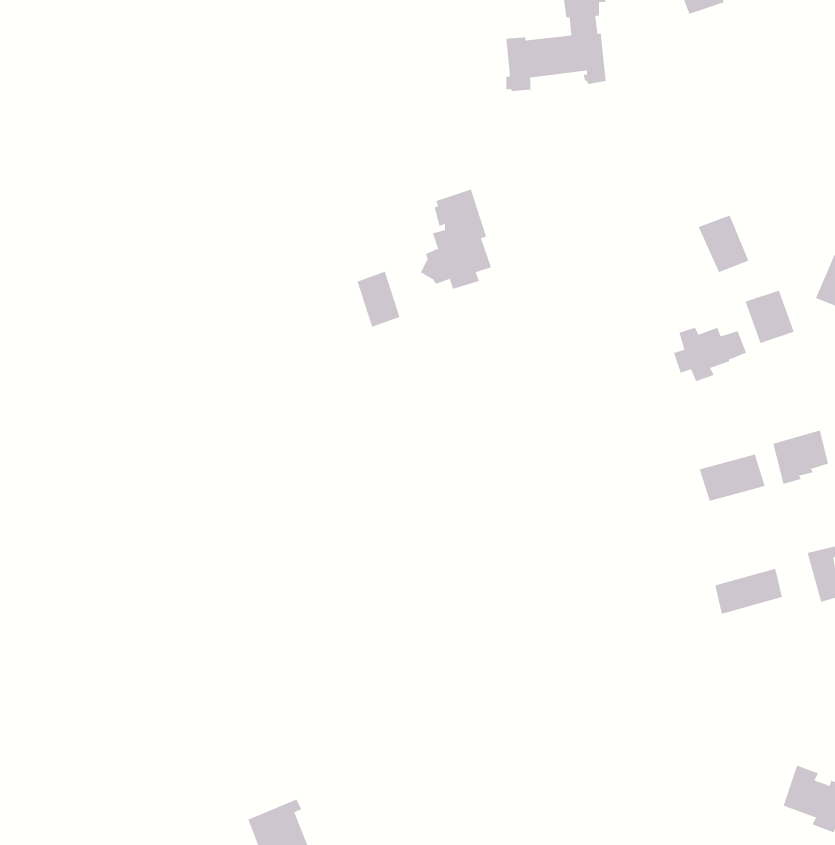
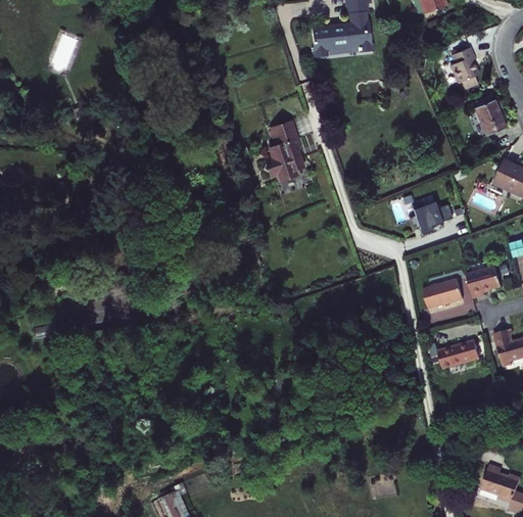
building: none -> [450,50,477,92]
building: [698,215,749,273] -> [473,103,504,138]
building: [357,271,400,328] -> none
building: [745,290,795,344] -> none

